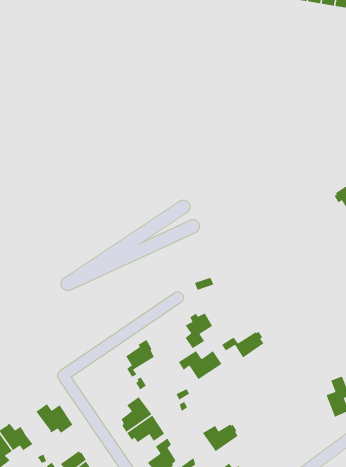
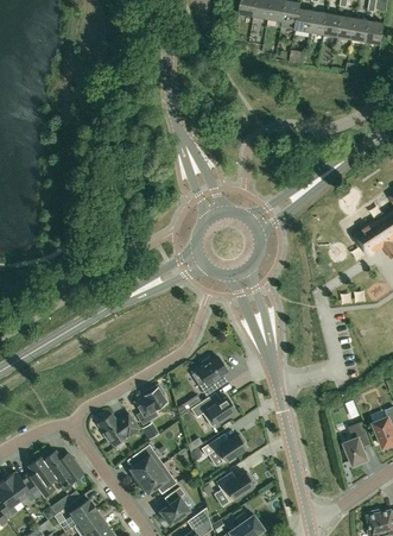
building: [221,331,265,358] -> [201,434,246,462]
building: none -> [97,414,139,444]
building: none -> [28,456,57,497]

